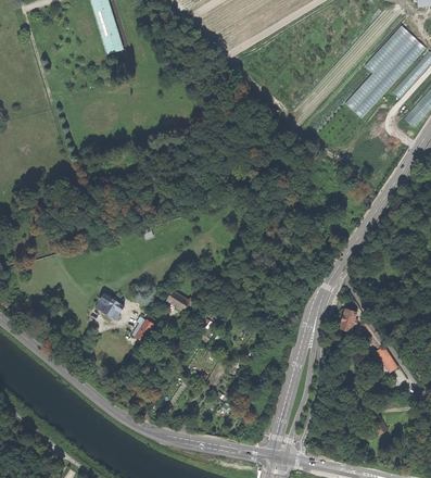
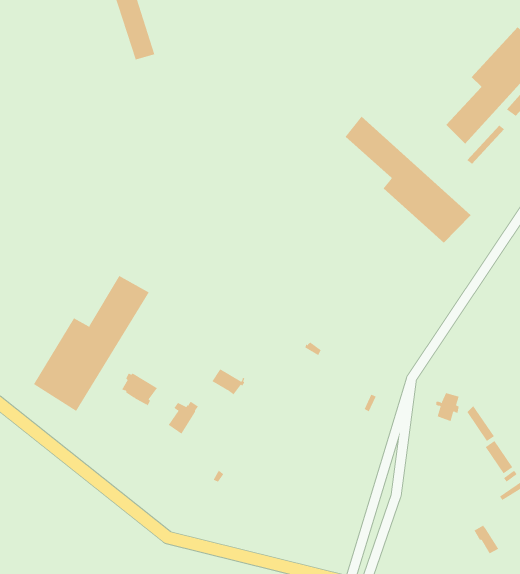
building: none -> [345,116,471,244]
building: none -> [33,275,149,412]

